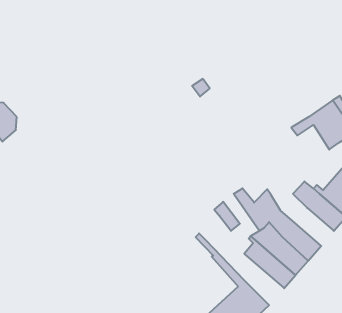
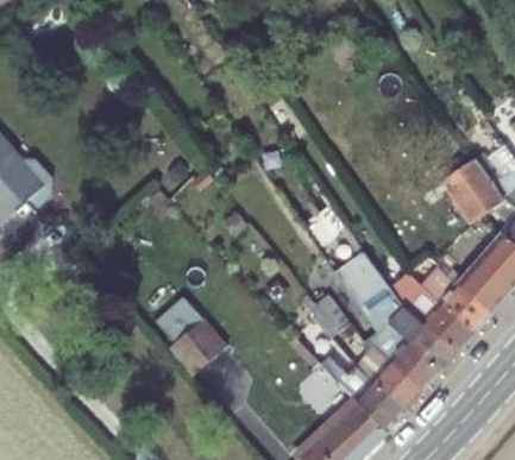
building: none -> [391,269,476,351]
building: none -> [149,289,228,373]
building: none -> [304,336,409,430]

